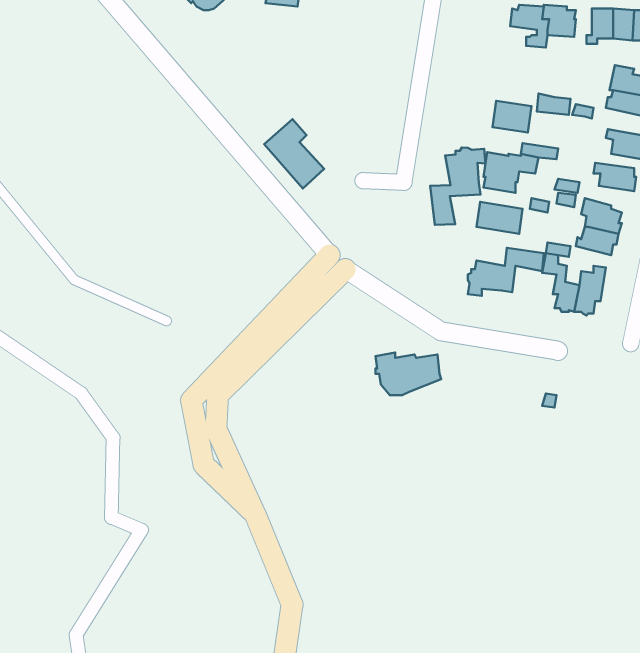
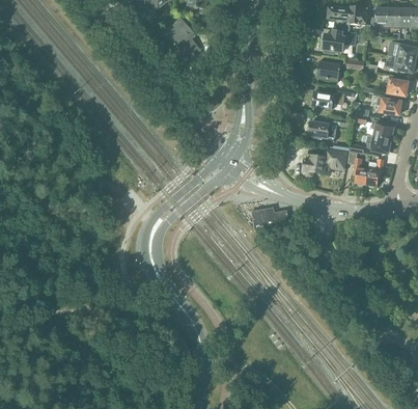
building: none -> [323,28,356,53]
building: [264,119,324,188] -> [163,18,198,58]
building: [430,147,486,225] -> none

